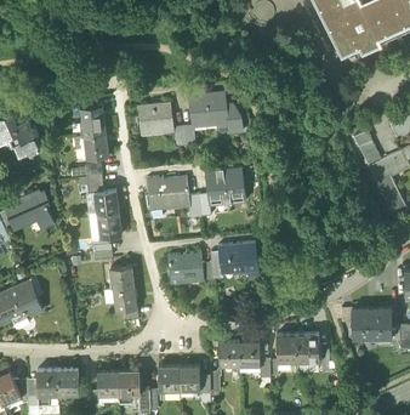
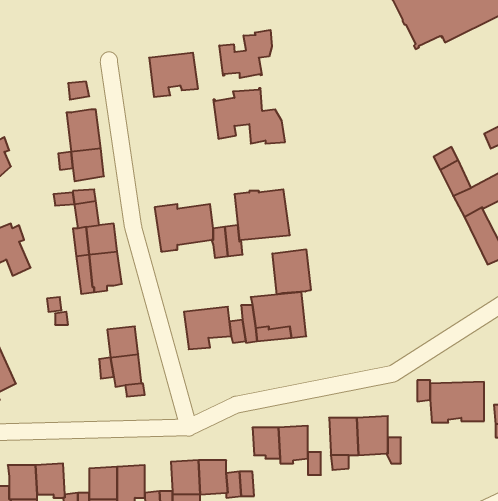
building: none -> [219,30,272,78]
building: [137,102,173,135] -> [149,53,198,97]
building: none -> [272,249,311,294]

